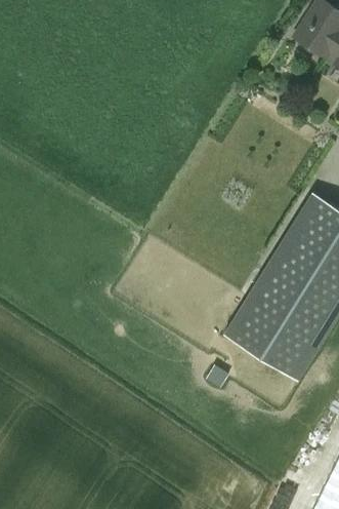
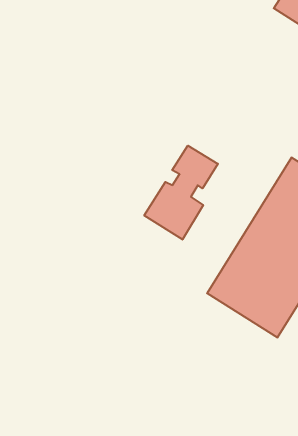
building: none -> [144,146,218,240]

